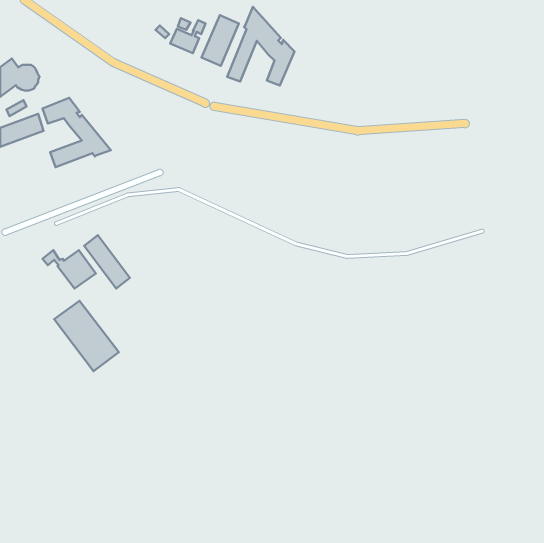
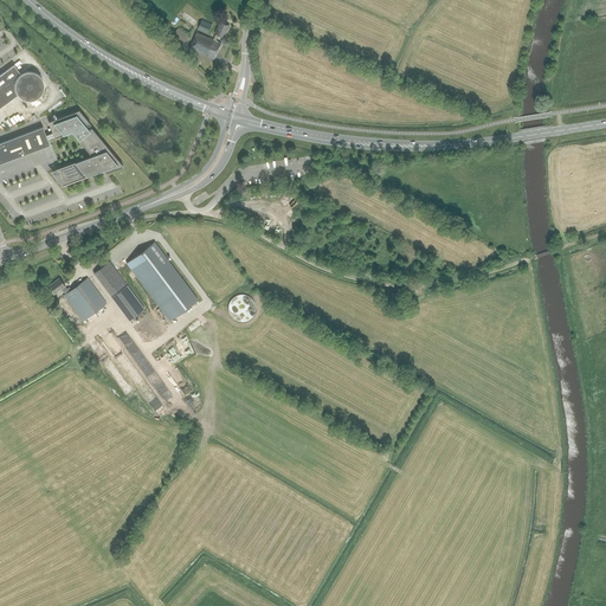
building: [227,7,294,85] -> none
building: [202,15,239,66] -> none
building: [54,301,119,371] -> [125,241,198,320]

